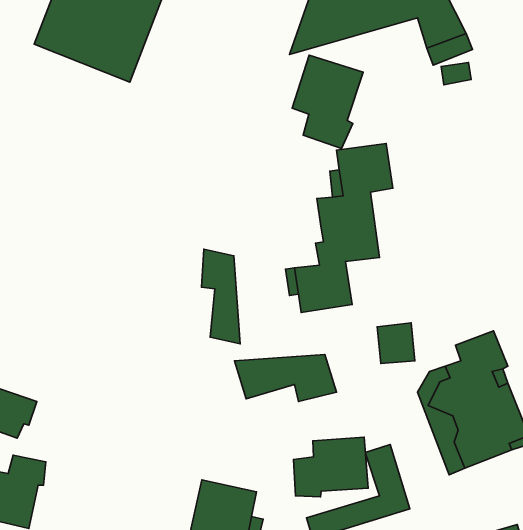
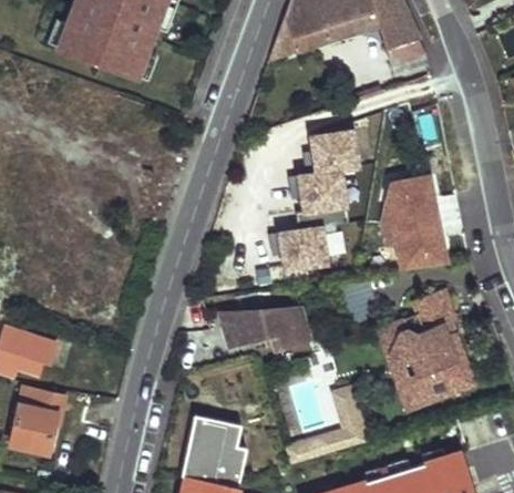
building: [292,55,363,148] -> none
building: none -> [384,174,449,268]
building: [202,249,240,344] -> none
building: [293,437,368,497] -> none

